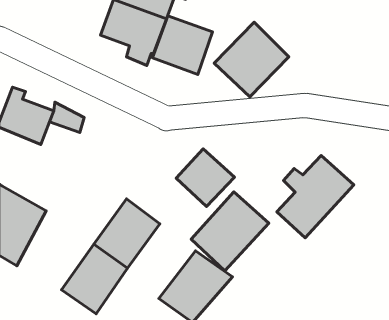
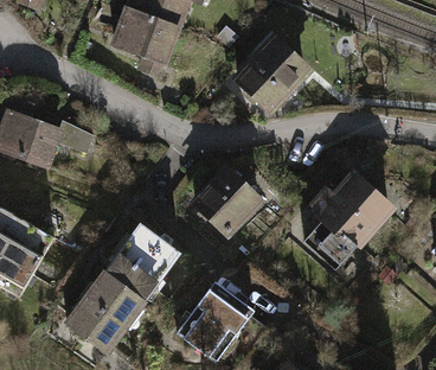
building: [153,16,212,74] -> none
building: [191,192,269,271] -> none

